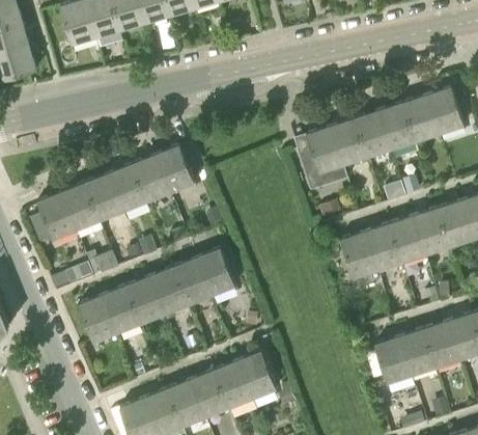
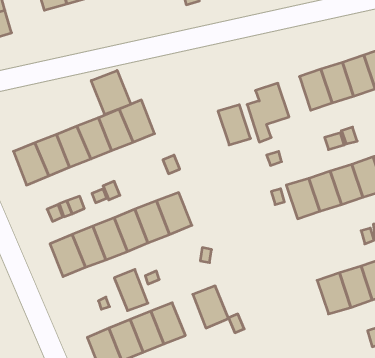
building: none -> [91,70,131,114]
building: [331,119,367,164] -> [218,105,251,145]
building: [214,361,251,407] -> [114,269,148,311]

